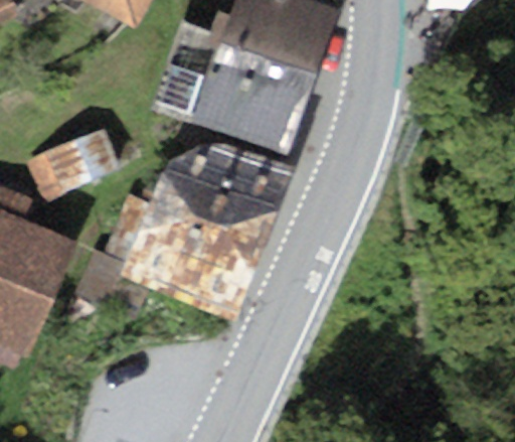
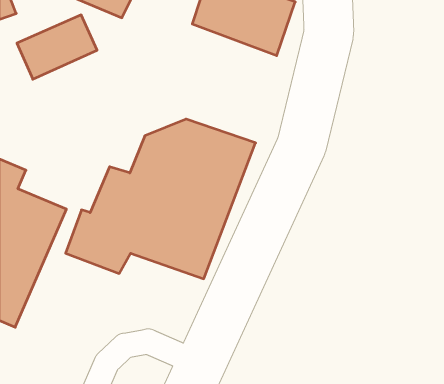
building: [150,15,318,155] -> none
building: [33,126,125,199] -> [17,15,97,79]

